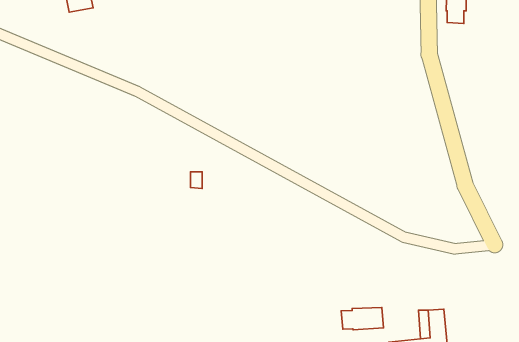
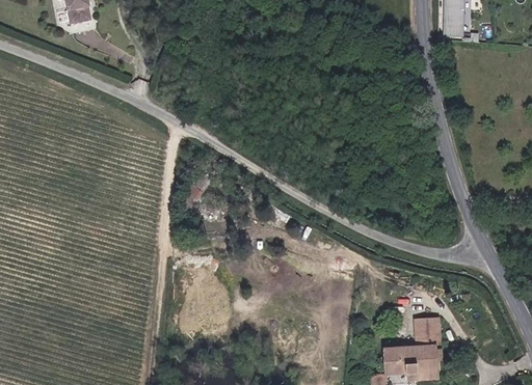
building: [341,308,384,330] -> none

